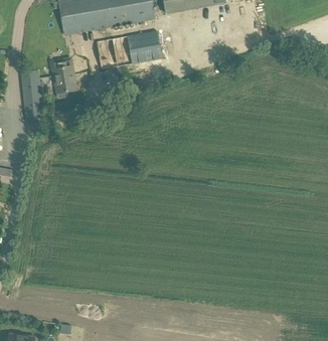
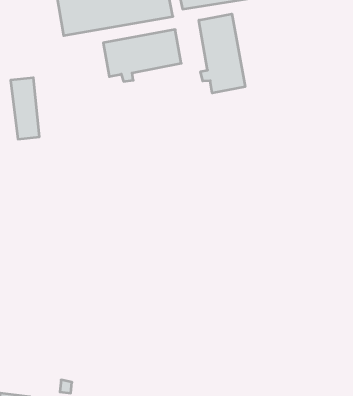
building: none -> [199,14,245,93]
building: [48,56,75,97] -> none

